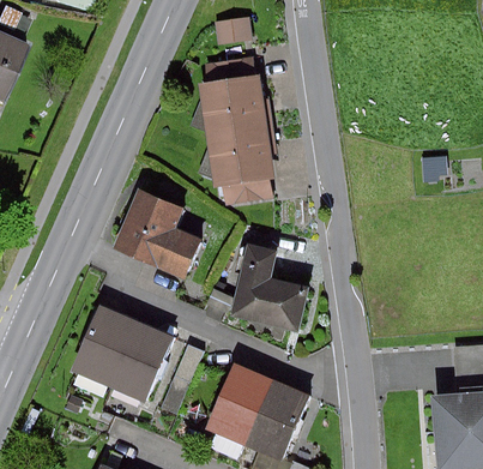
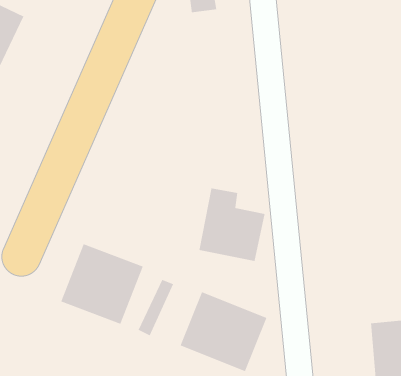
building: [207,60,274,205] -> none
building: [115,190,199,275] -> none

